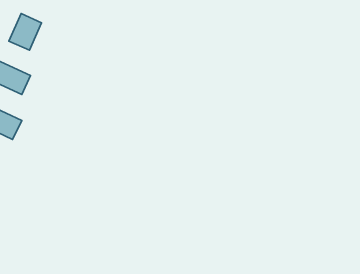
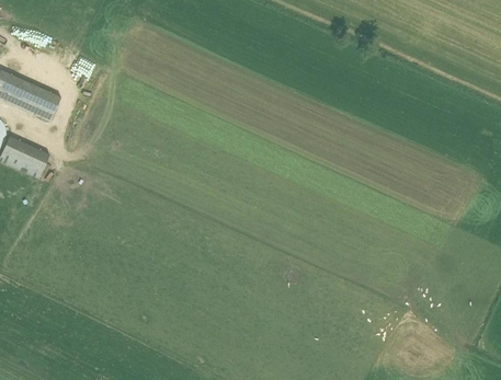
building: [9,14,42,50] -> none

